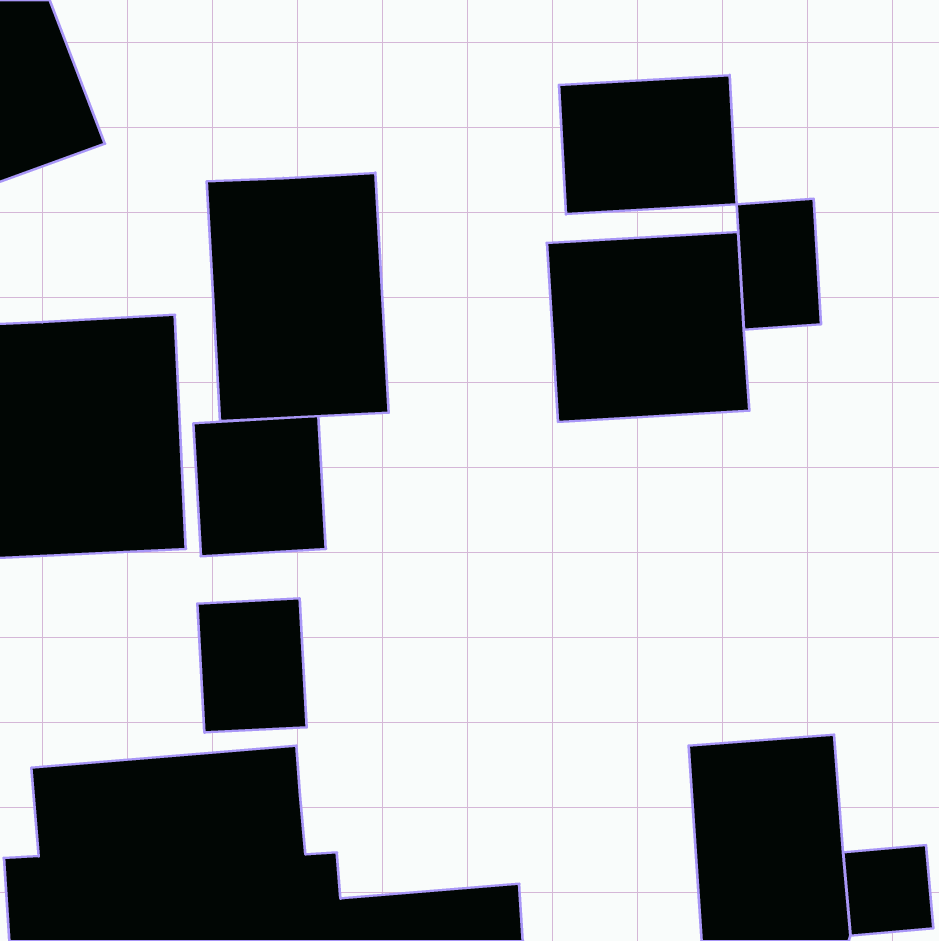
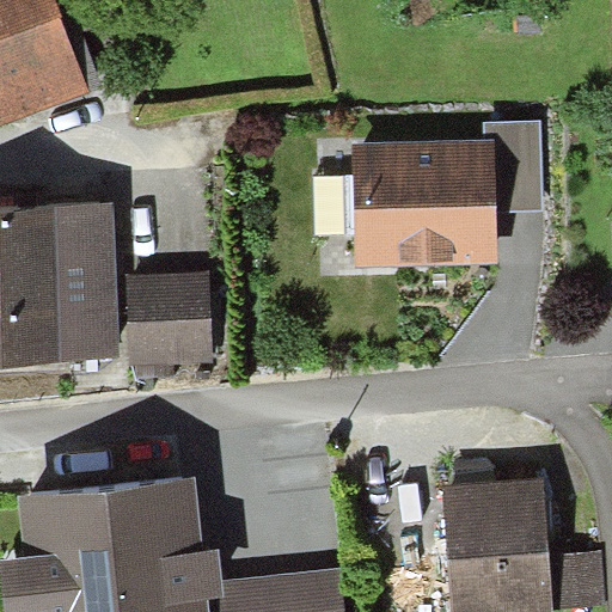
building: [559,75,736,214] -> none
building: [207,173,389,421] -> none
building: [197,598,307,733] -> none

